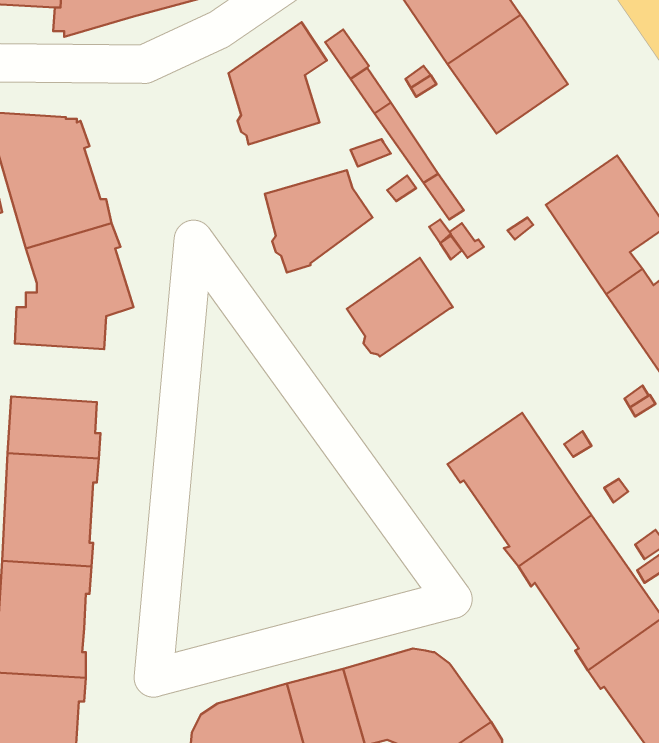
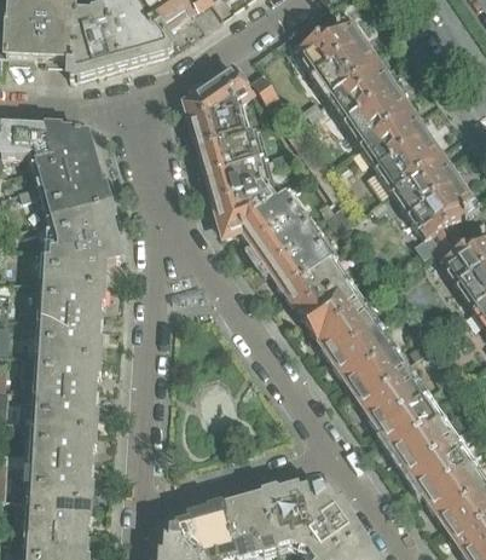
building: none -> [363,110,442,190]
building: none -> [197,133,264,183]
building: none -> [239,192,312,259]
building: none -> [285,259,380,362]
building: none -> [41,282,103,321]

